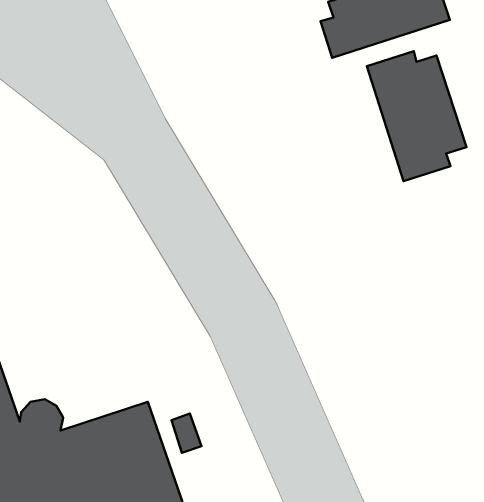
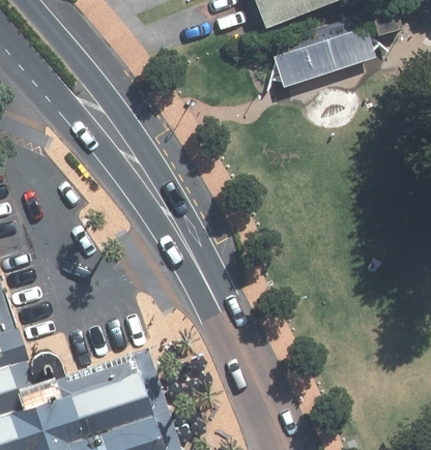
building: [367,51,466,181] -> none

